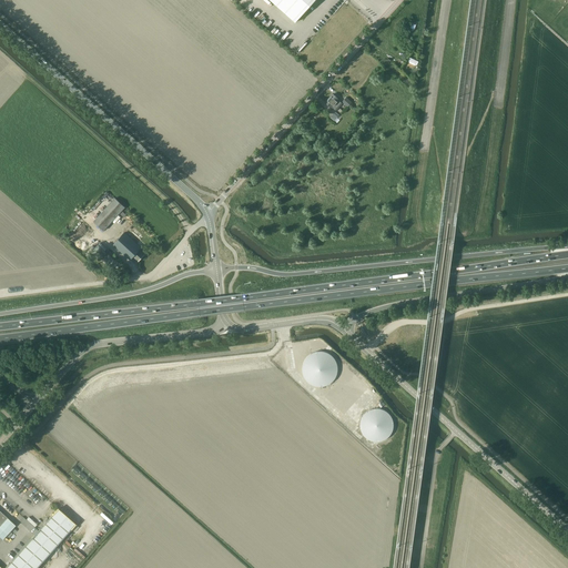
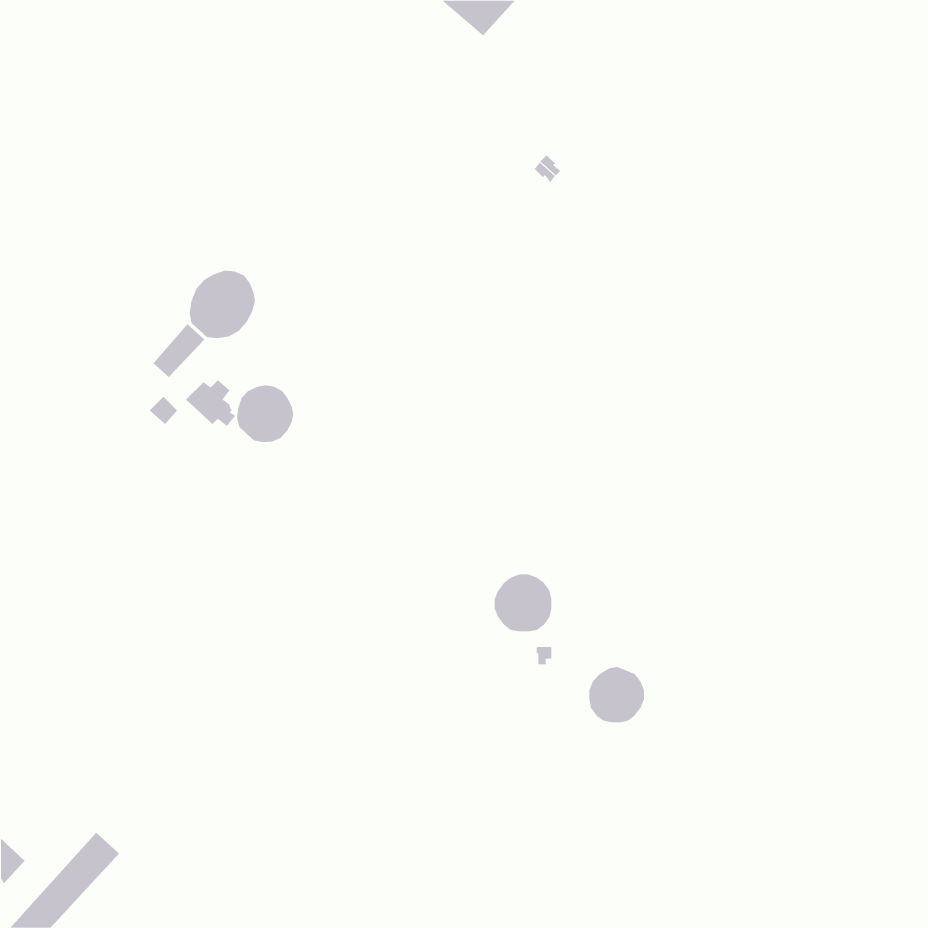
building: none -> [189,270,255,339]
building: none -> [237,384,294,443]

